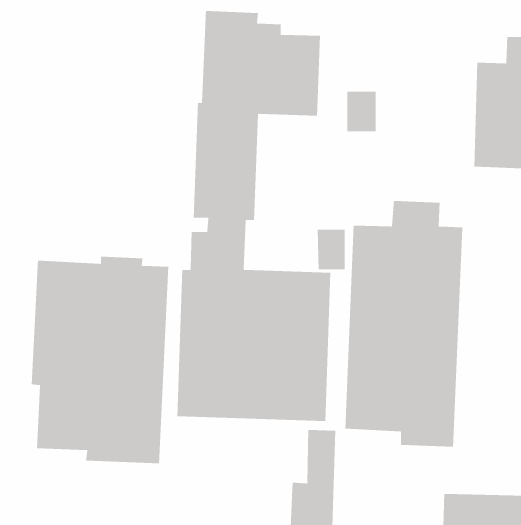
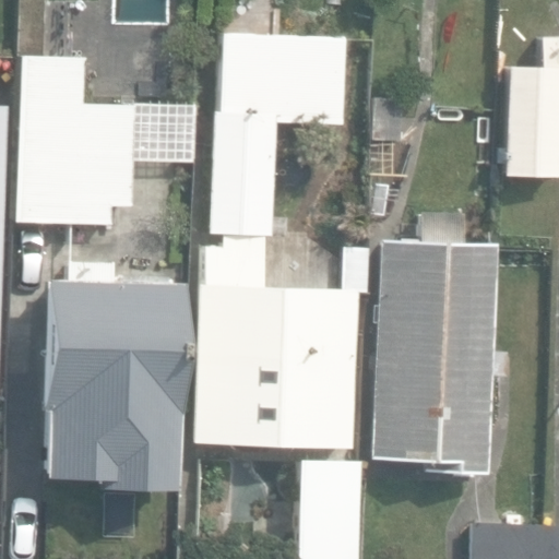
building: none -> [19,56,134,224]

